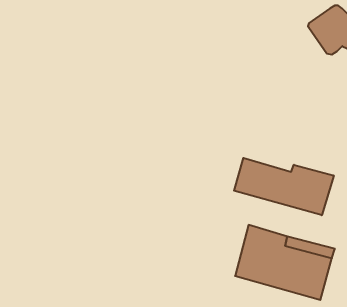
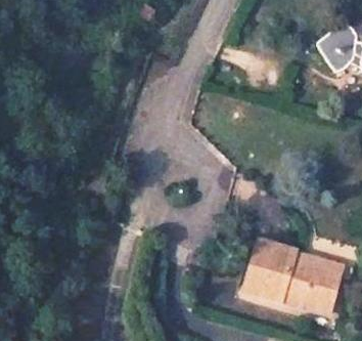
building: [234,158,334,215] -> none

